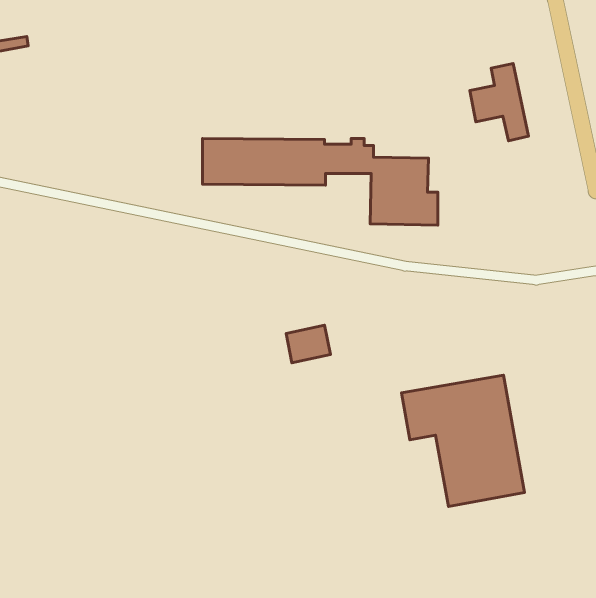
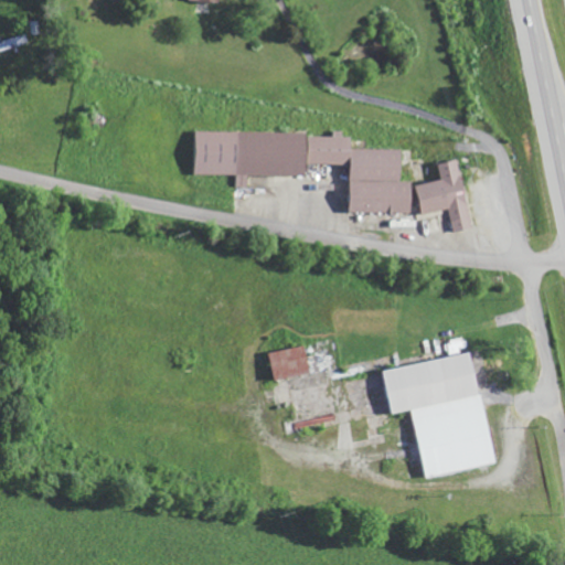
building: [470,63,529,141] -> [417,159,472,232]
building: [286,325,331,363] -> [268,344,310,380]

